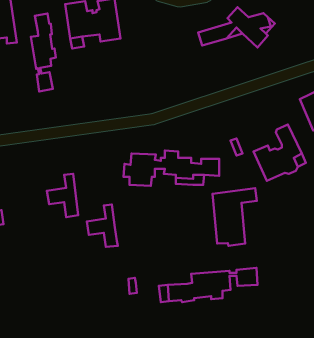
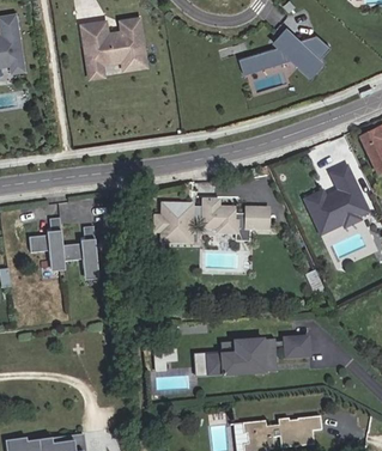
building: [31,13,56,91] -> none
building: [212,188,257,246] -> none
building: [87,204,118,247] -> [26,218,63,268]

